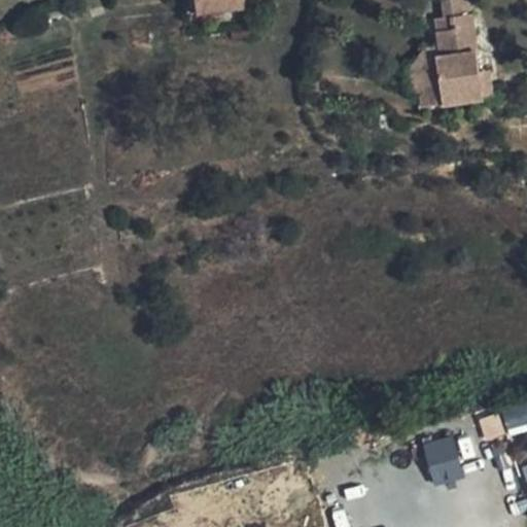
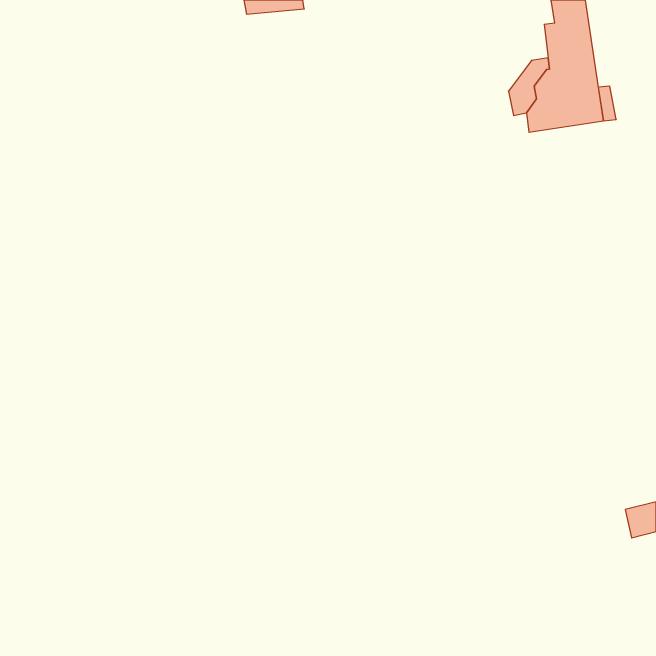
building: [423,435,464,486] -> none

